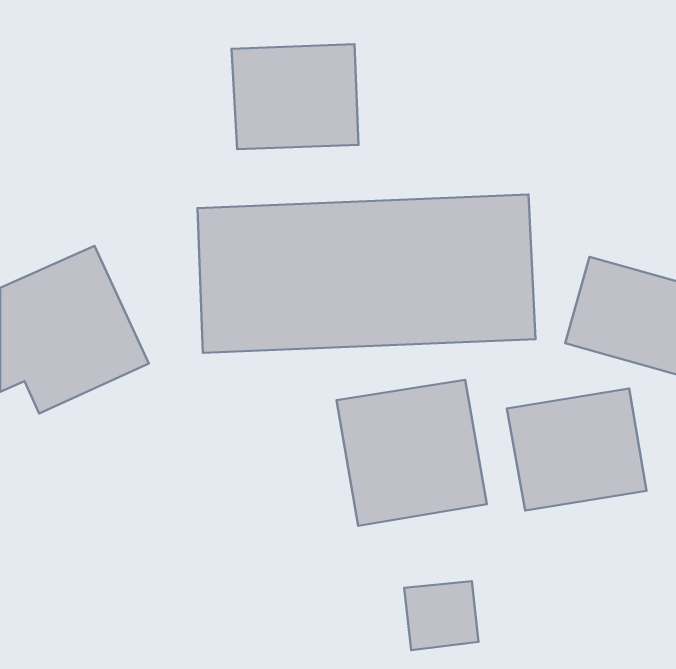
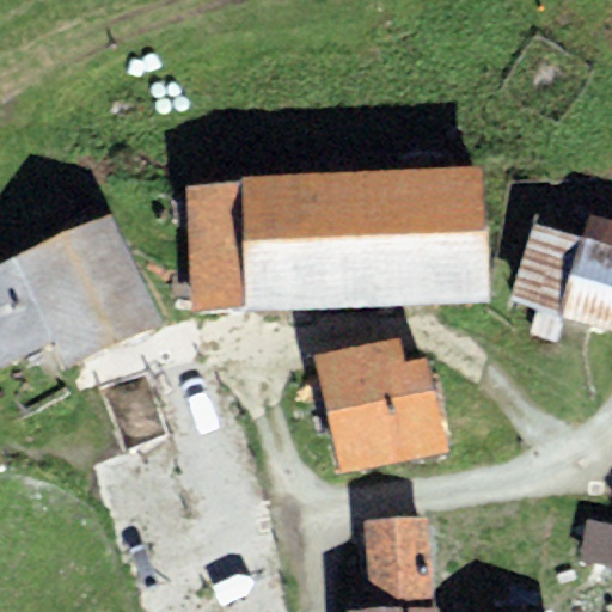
building: [232,44,359,149] -> none
building: [507,388,646,511] -> none

